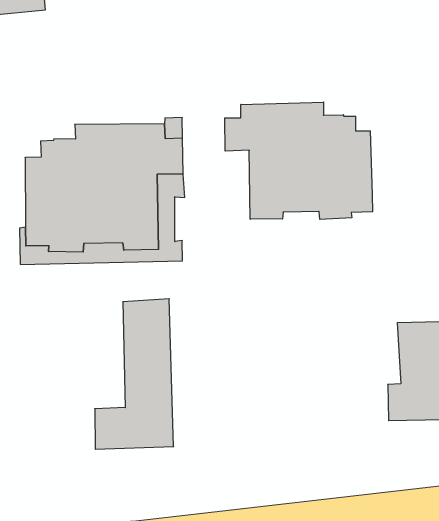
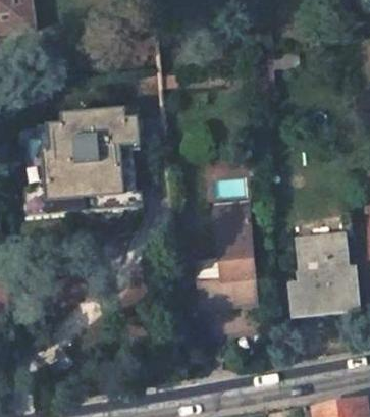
building: [225,102,373,219] -> none
building: [95,299,174,449] -> [199,201,256,310]

